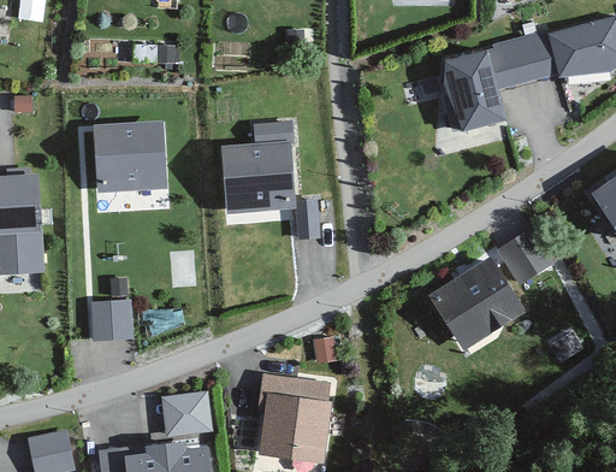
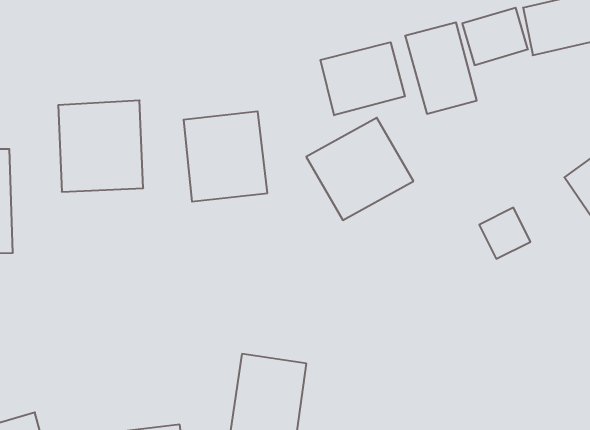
building: none -> [320,42,405,115]
building: [424,250,529,352] -> [306,118,413,220]
building: [93,301,136,342] -> none
building: [162,393,213,437] -> none

